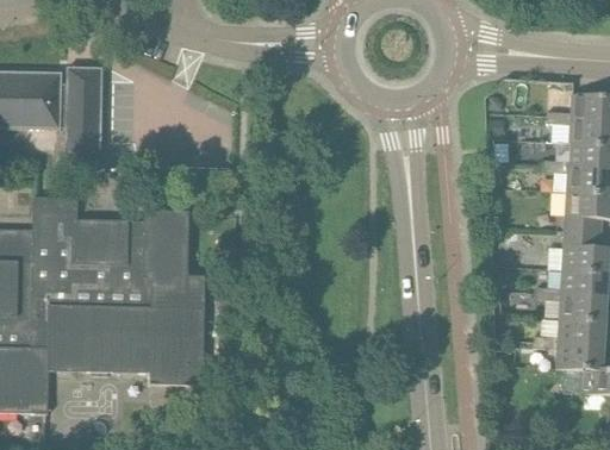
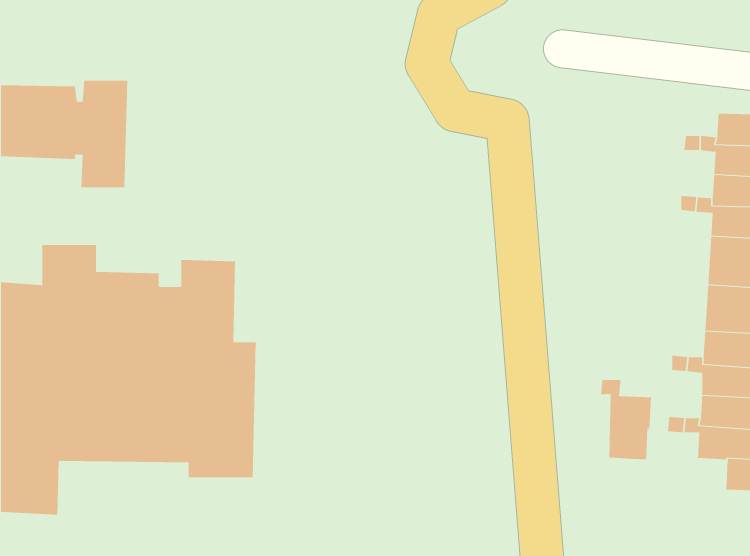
building: none -> [600,379,651,460]

